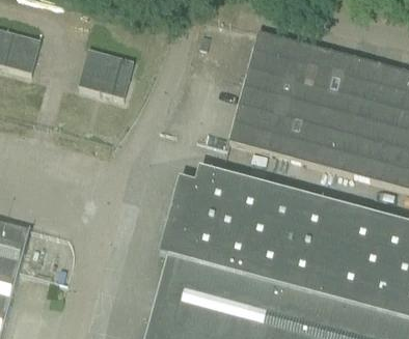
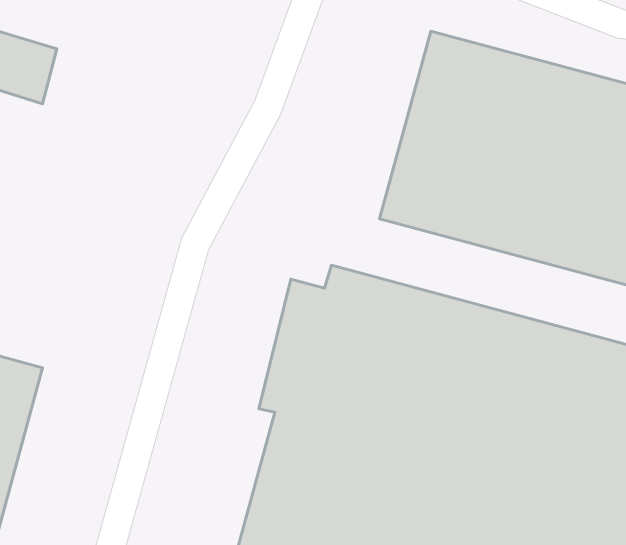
building: [80,49,134,97] -> none

